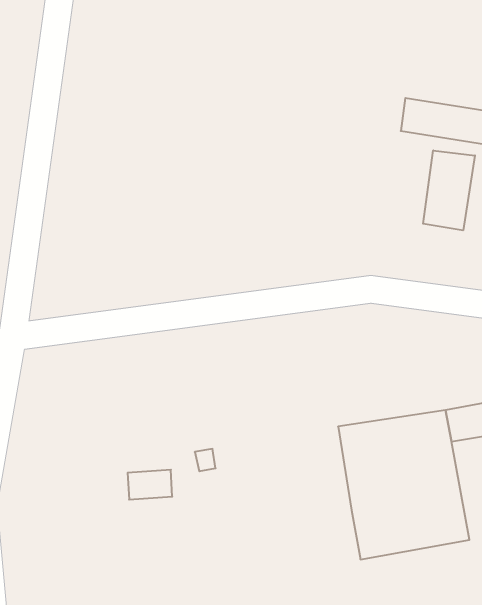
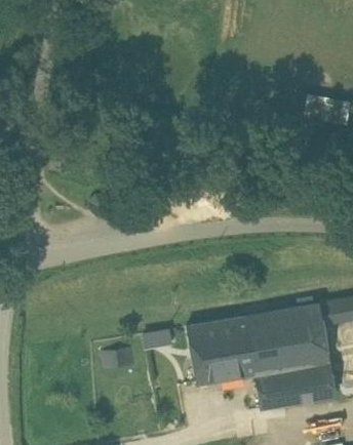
building: [423,150,475,230] -> none
building: none -> [187,317,254,385]

